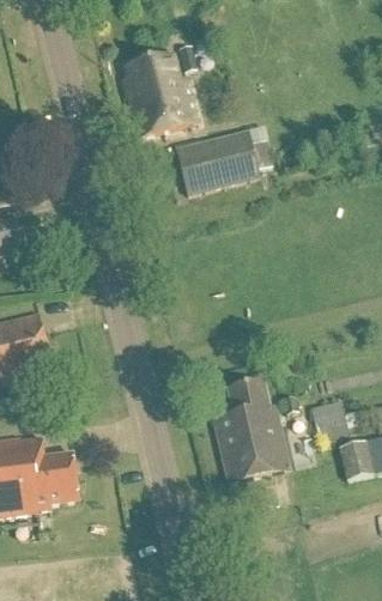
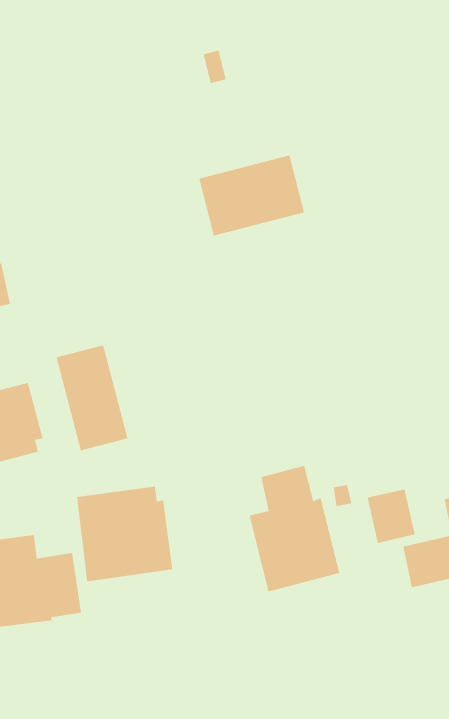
building: [122,54,196,138] -> none
building: none -> [56,344,128,451]
building: none -> [77,486,173,582]

